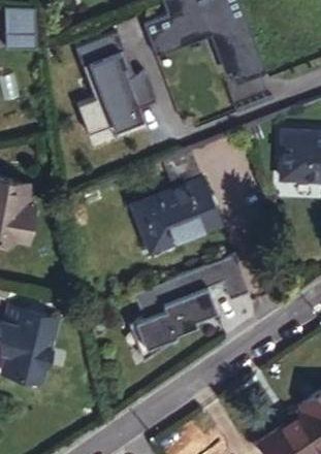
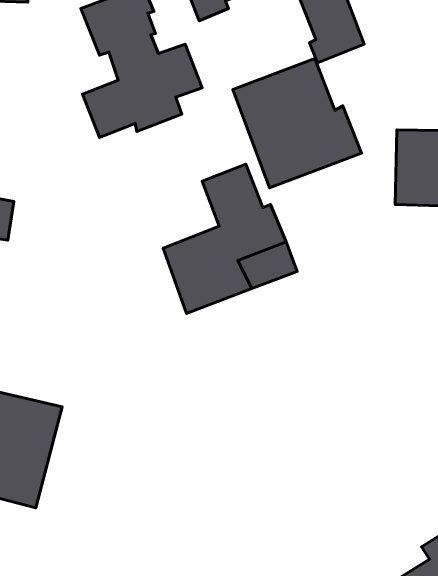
building: none -> [233,59,362,188]
building: [131,254,247,349] -> none

